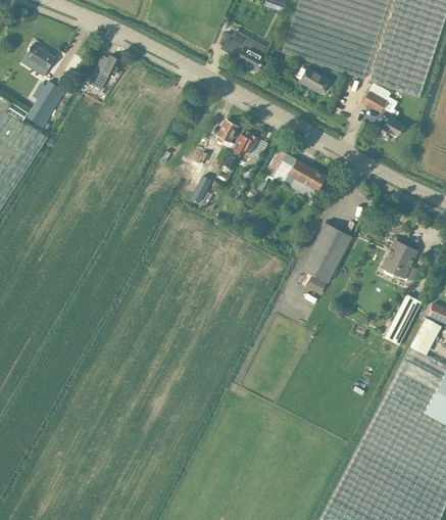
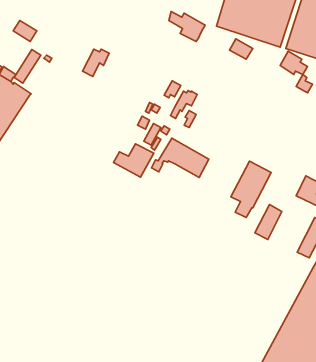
building: [88,55,121,90] -> [82,49,109,77]
building: [253,149,326,199] -> [152,138,209,178]
building: none -> [113,144,154,177]
building: none -> [255,204,282,239]

